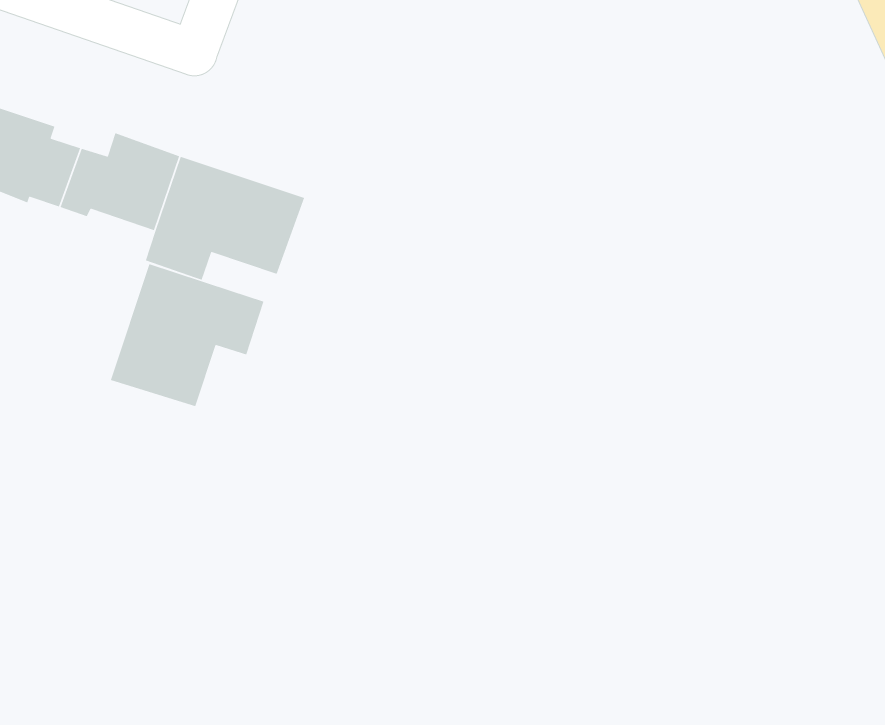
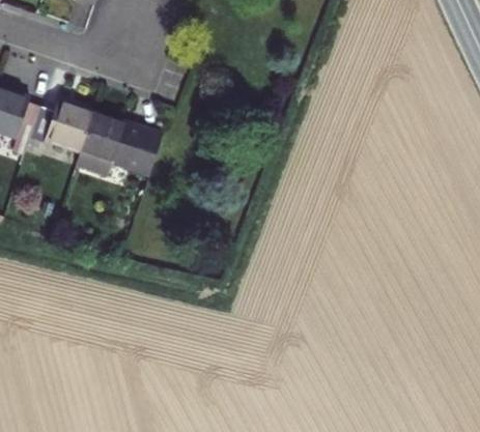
building: [110,263,264,407] -> none

